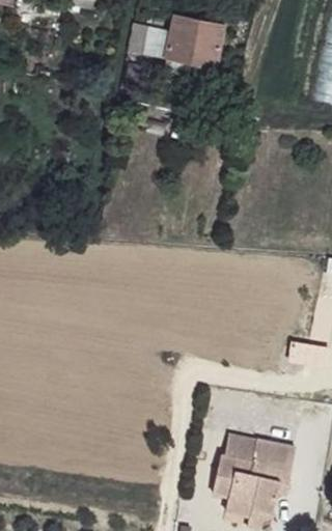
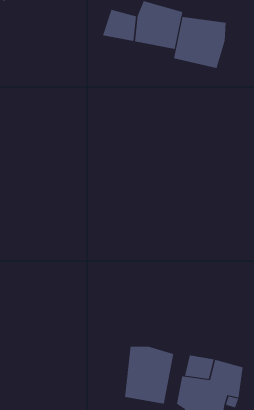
building: none -> [173,16,226,69]
building: none -> [124,346,174,404]

